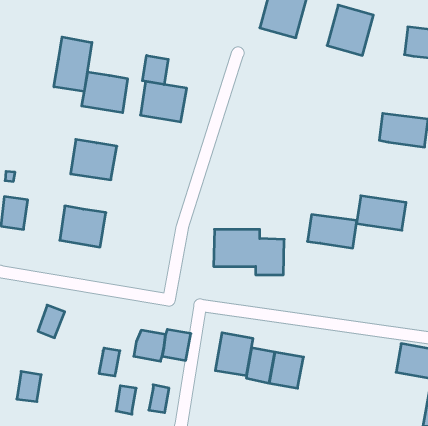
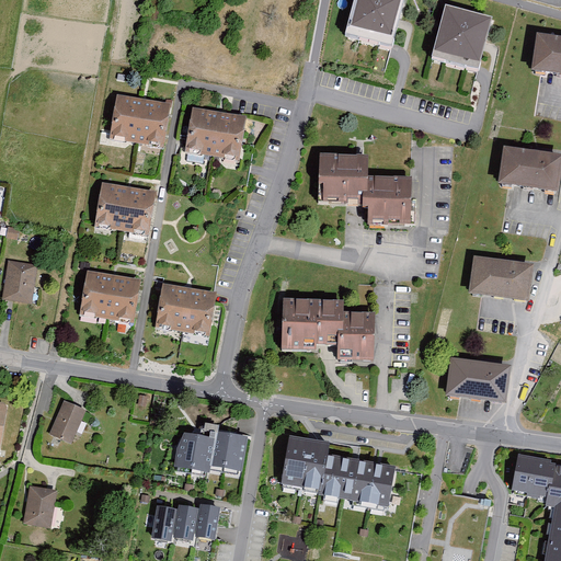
building: [54,37,92,92] -> none
building: [142,55,168,85] -> none
building: none -> [319,157,408,224]
building: [307,215,357,248] -> [444,358,508,402]
building: none -> [153,282,214,334]
building: [99,348,120,376] -> [174,503,202,539]

